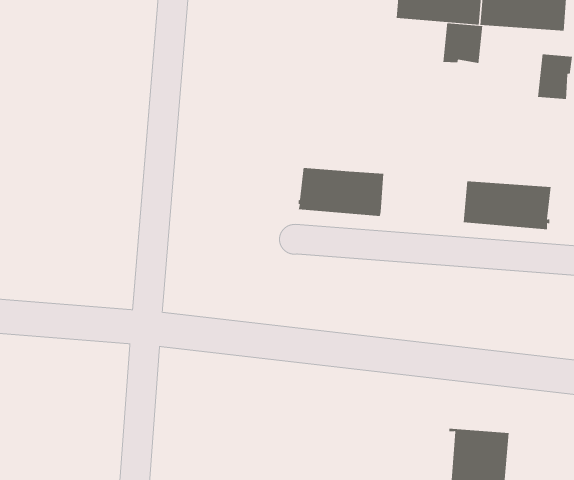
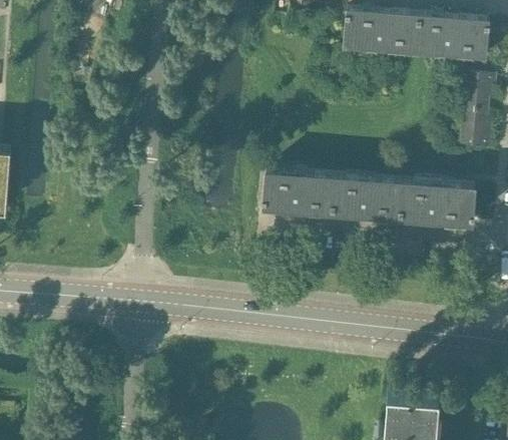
building: [443,23,483,64] -> none
building: none -> [460,114,488,150]
building: none -> [332,178,404,219]

